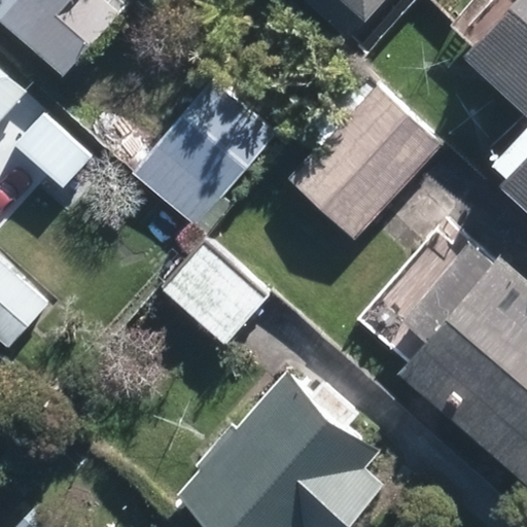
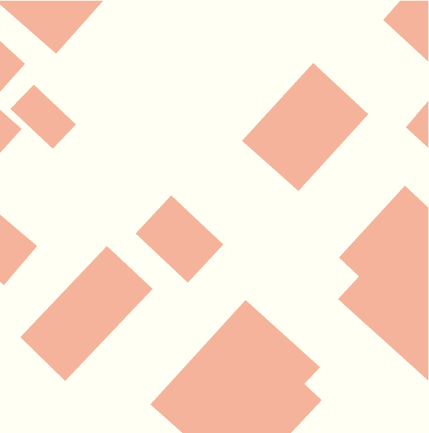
building: [130,86,271,229] -> none
building: none -> [19,245,154,382]

